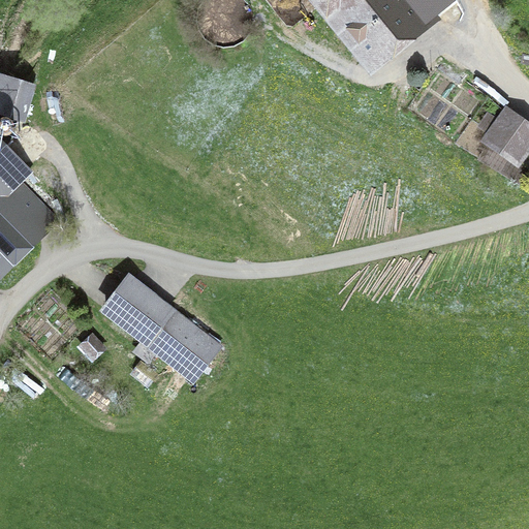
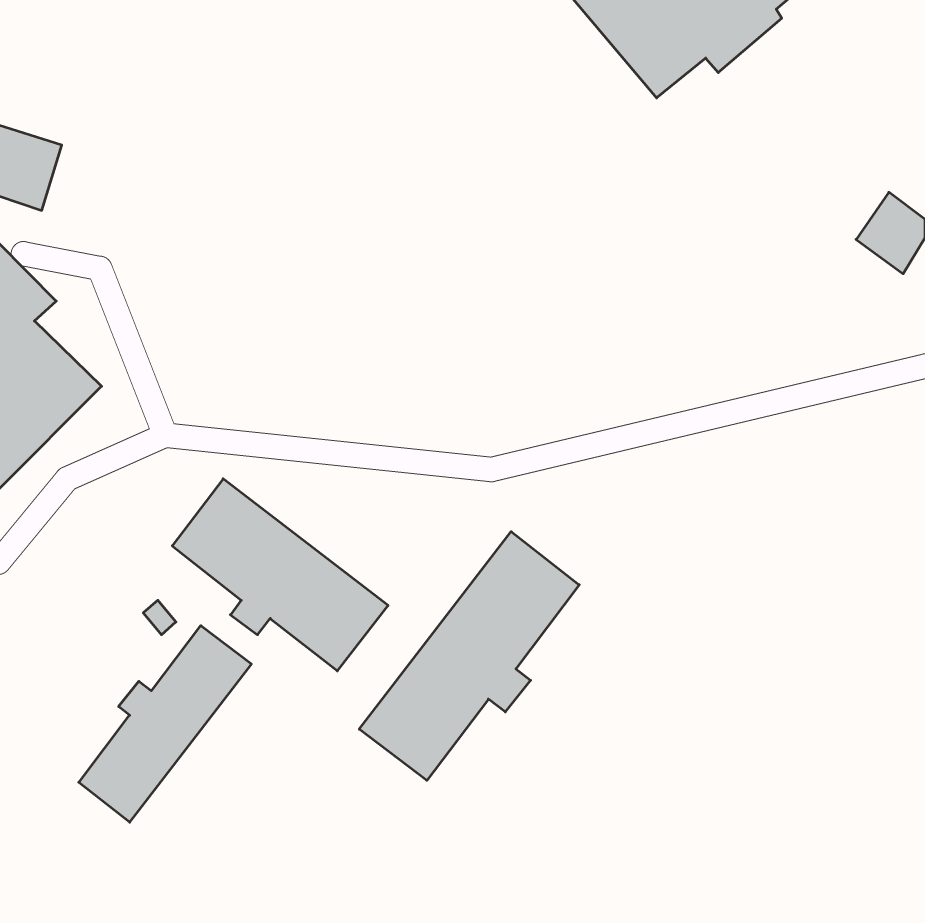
building: none -> [359,532,579,780]
building: none -> [79,626,251,822]

